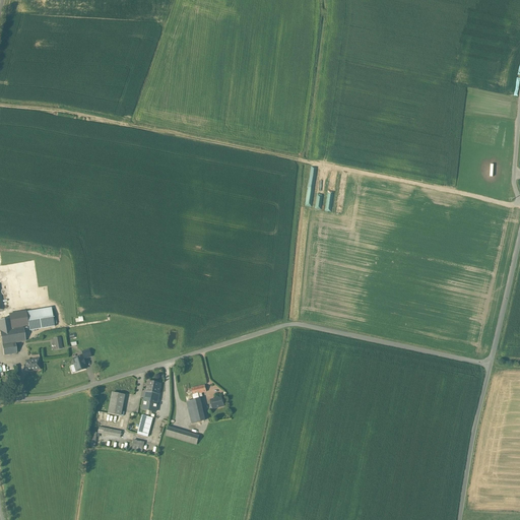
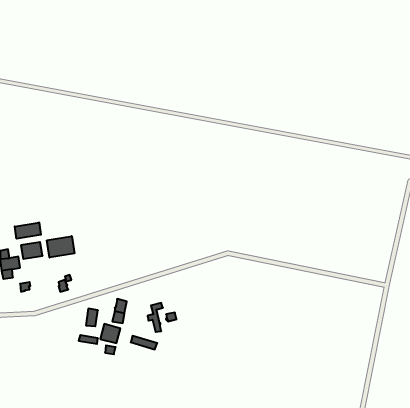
building: none -> [15,222,41,239]
building: none -> [47,236,74,258]

